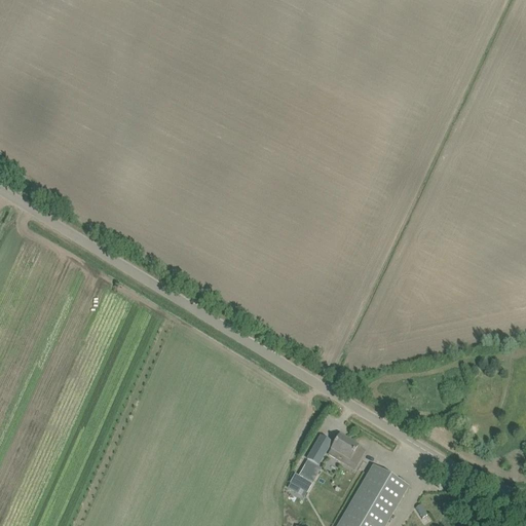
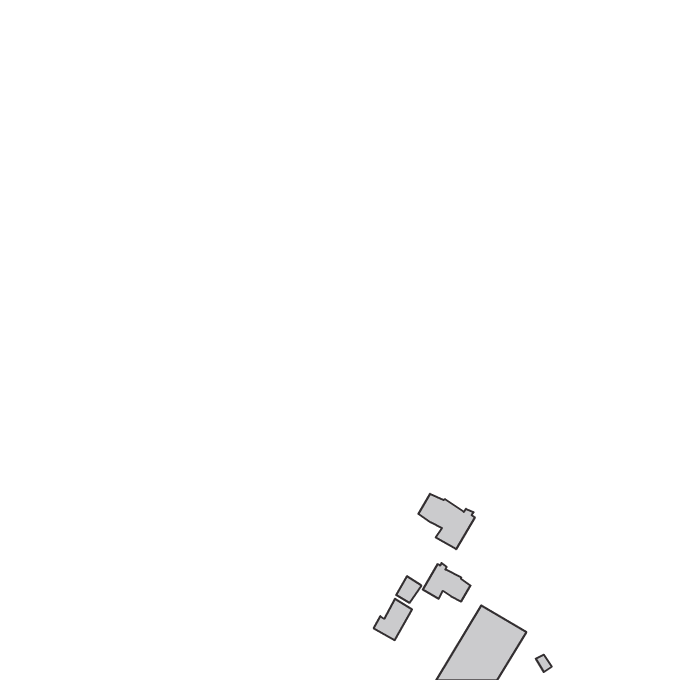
building: none -> [418,494,475,549]

